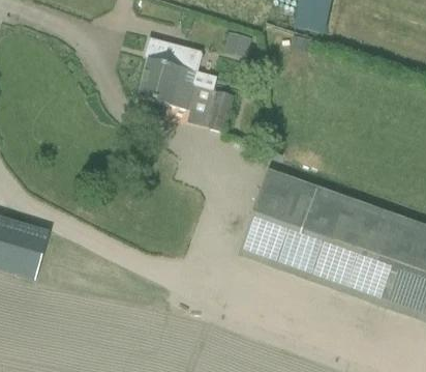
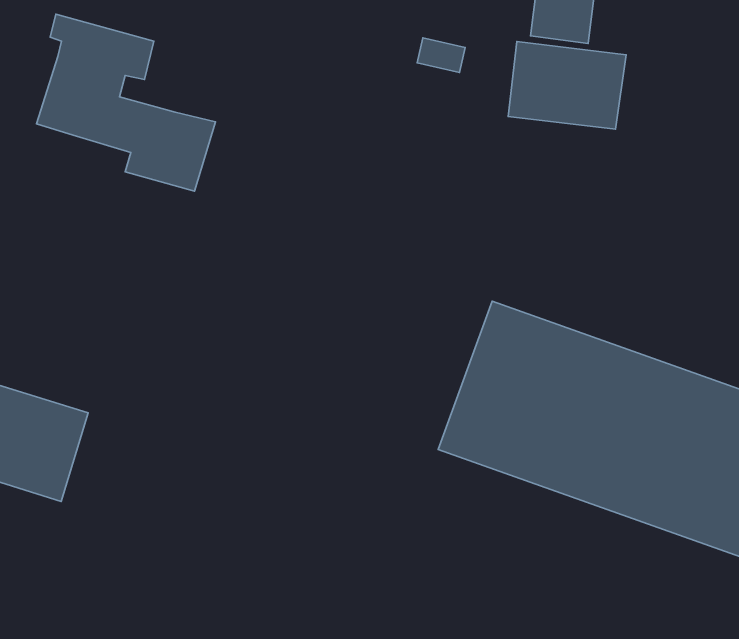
building: none -> [508,41,626,129]
building: [139,34,235,130] -> [37,14,215,191]

